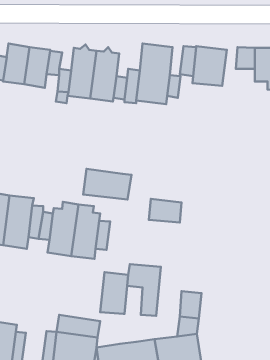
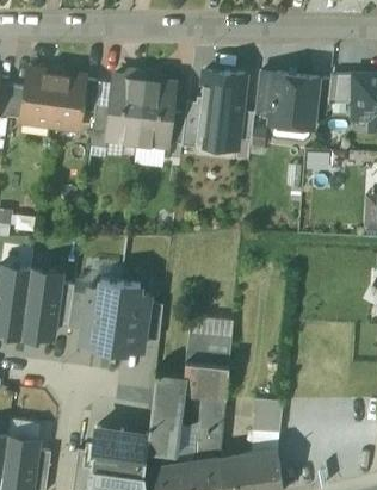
building: [83,169,131,200] -> none
building: [149,199,182,223] -> [188,334,231,365]
building: none -> [144,424,180,471]
building: none -> [197,428,223,464]

